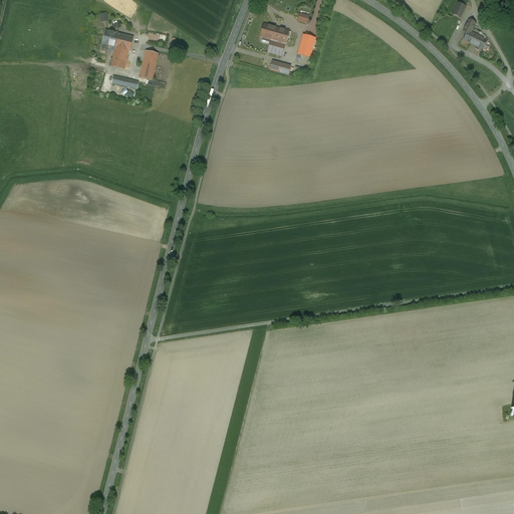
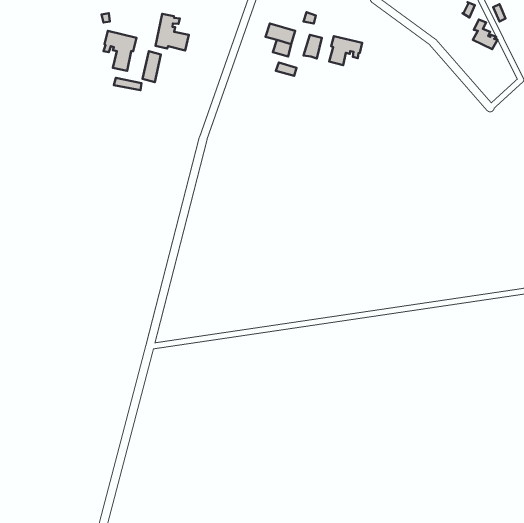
building: none -> [156,14,189,51]
building: none -> [329,36,362,65]

